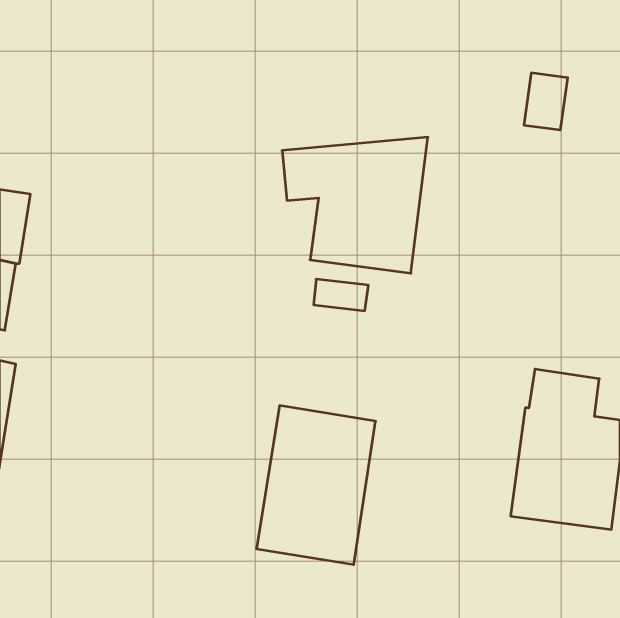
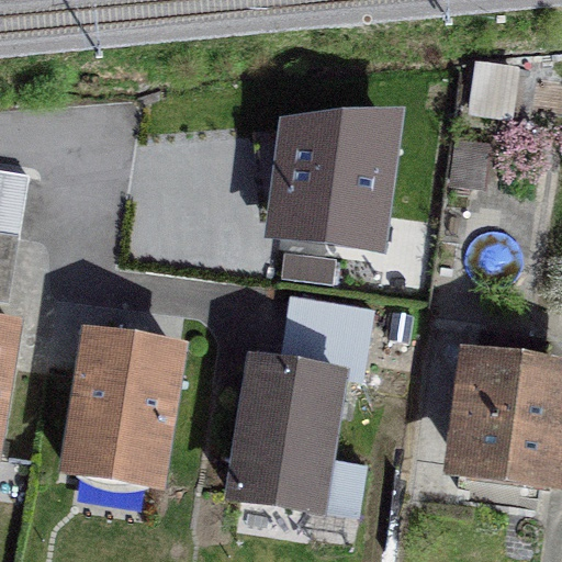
building: none -> [282,301,371,367]
building: none -> [68,339,177,485]

